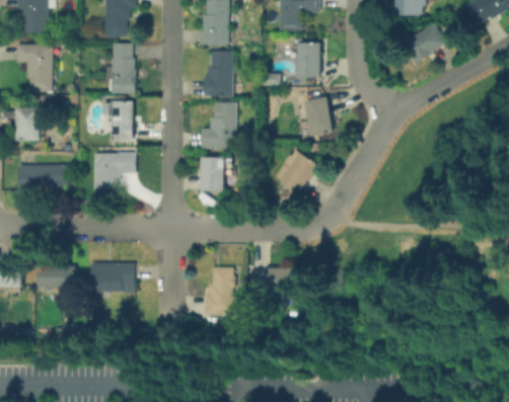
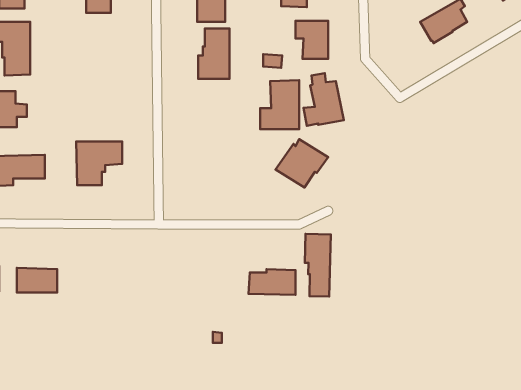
building: [106,43,137,93] -> none
building: [104,101,134,141] -> none
building: [200,102,235,147] -> [260,80,299,129]
building: [202,158,225,191] -> none
building: none -> [305,234,331,297]
building: [89,262,133,294] -> none
building: [205,267,240,315] -> none

